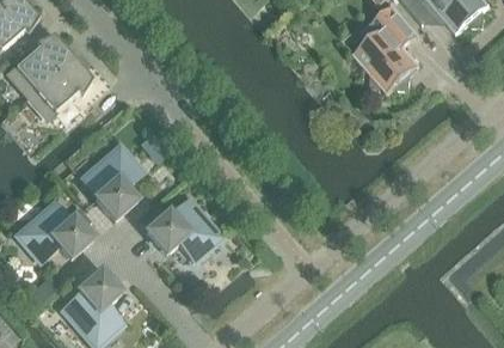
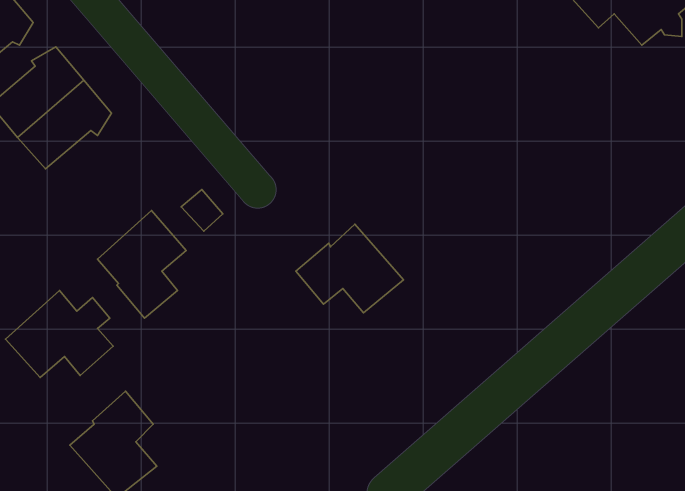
building: [351,7,419,93] -> none
building: [146,199,220,260] -> [296,224,404,313]

